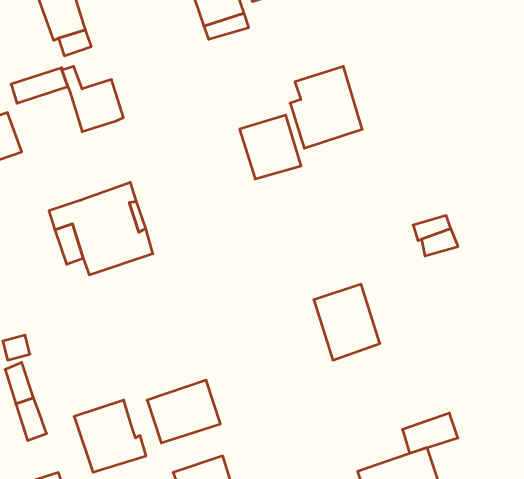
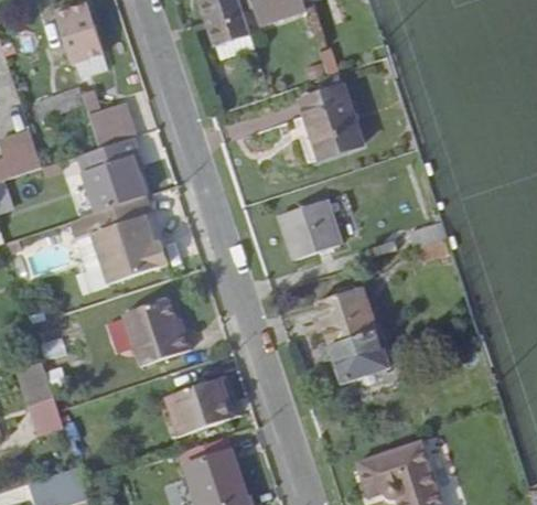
building: [240,115,301,179] -> [281,198,339,258]
building: none -> [79,137,146,211]
building: [74,400,146,472] -> [122,297,190,364]
building: [402,413,458,453] -> [334,344,386,382]

